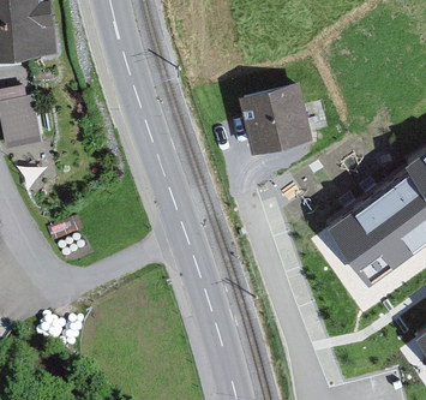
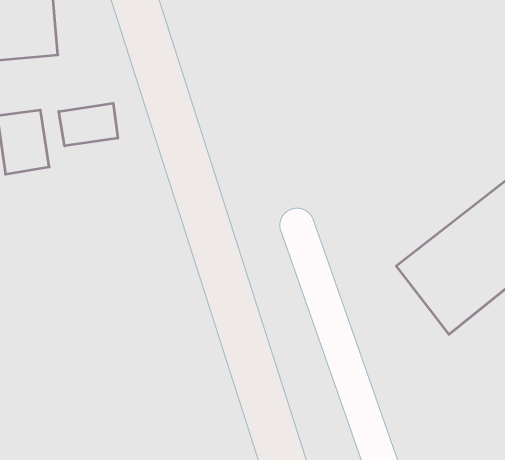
building: [238,82,316,151] -> none
building: none -> [59,103,118,146]

